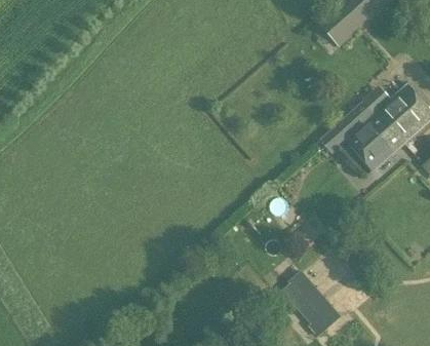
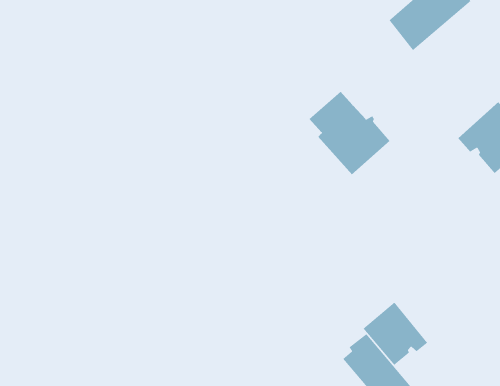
building: [338,104,403,171] -> [308,91,390,175]
building: none -> [363,301,428,366]

